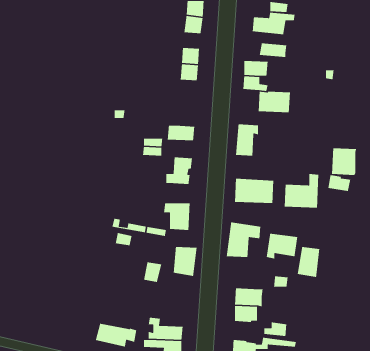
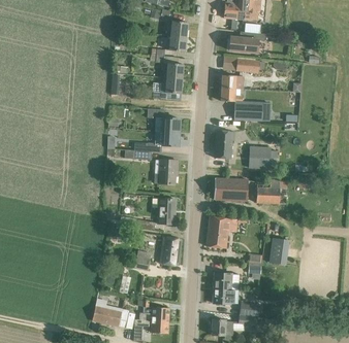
building: none -> [148,107,180,132]
building: [331,147,357,176] -> [249,145,272,170]
building: [266,233,298,260] -> none

